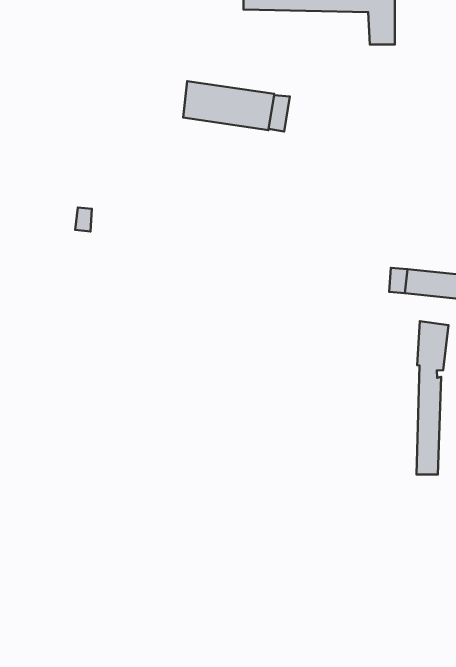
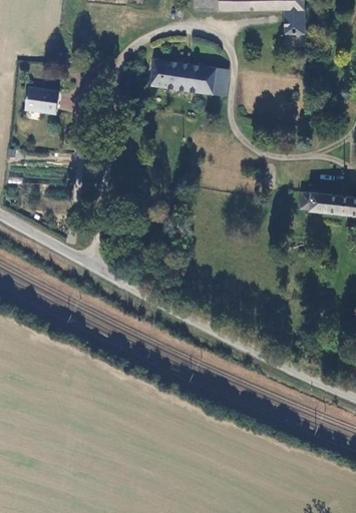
building: none -> [27,91,60,117]
building: [416,321,449,475] -> none

